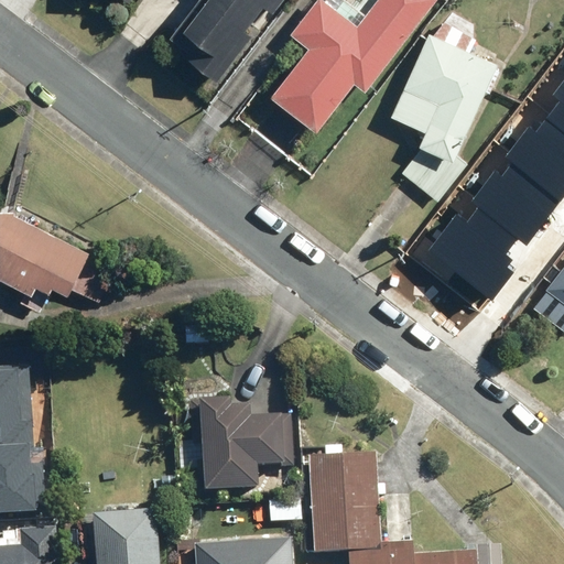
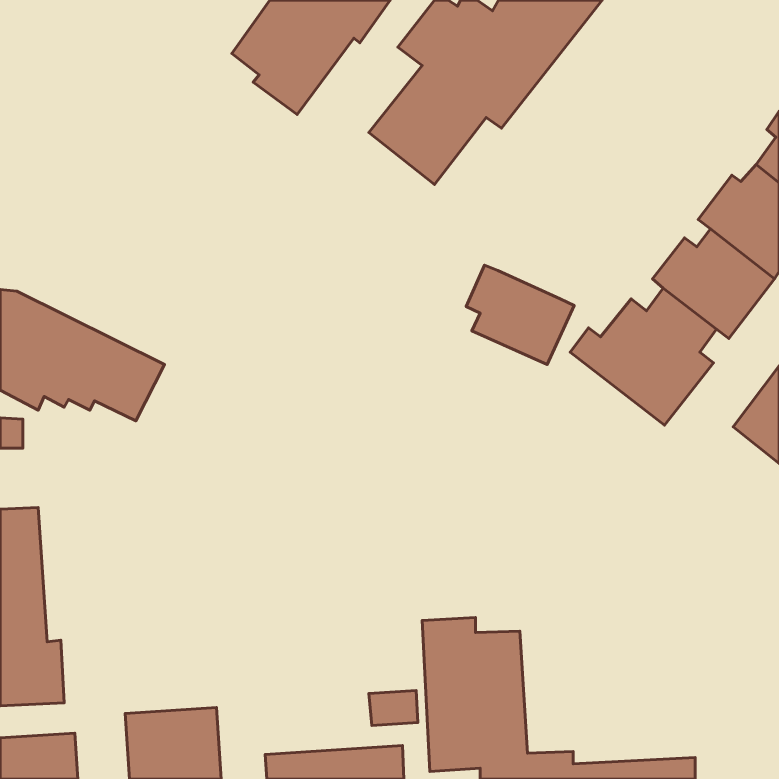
building: [389,33,497,202] -> none
building: none -> [466,265,574,365]
building: [188,404,295,499] -> none

